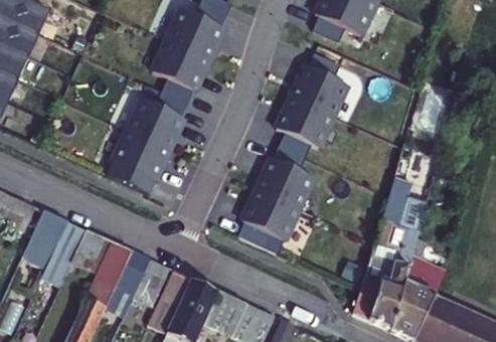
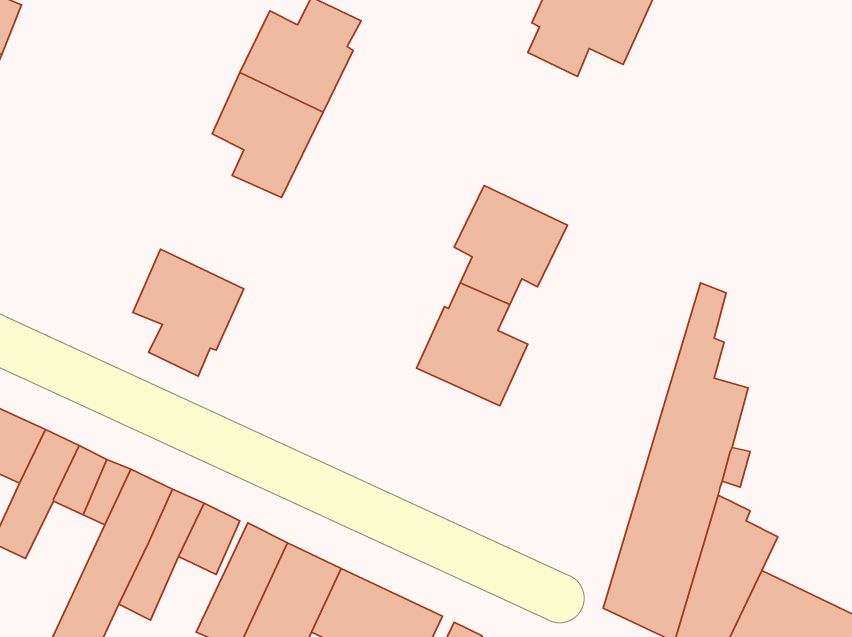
building: [291,55,347,119] -> none
building: [127,94,188,151] -> none
building: [237,191,299,248] -> none

